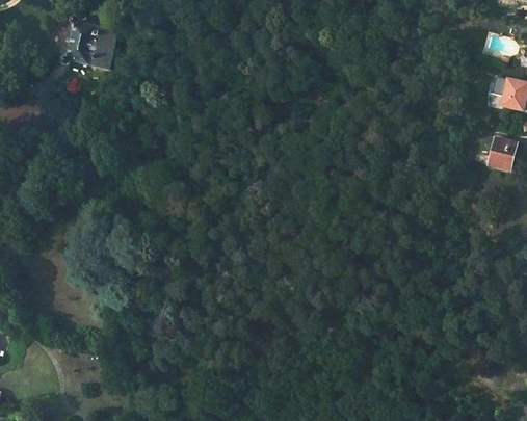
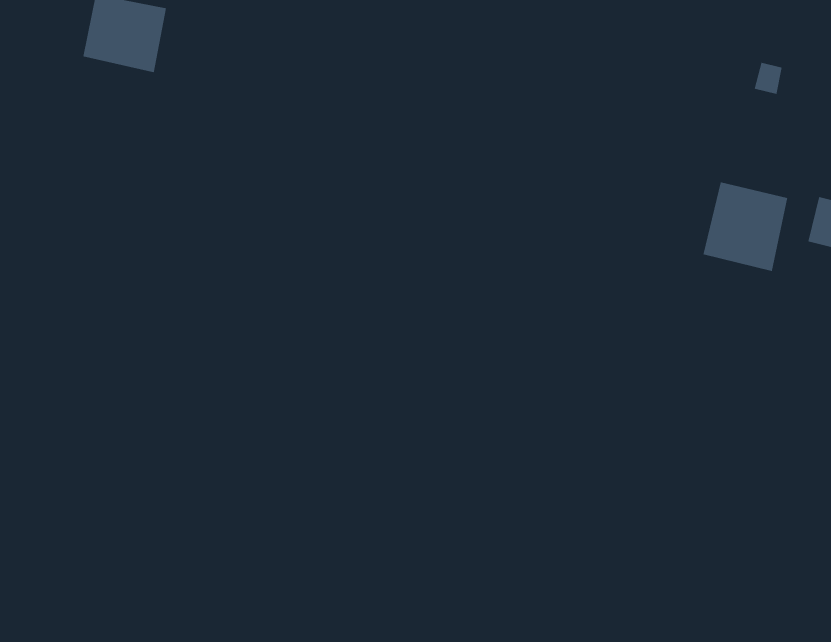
building: none -> [703,181,788,272]

